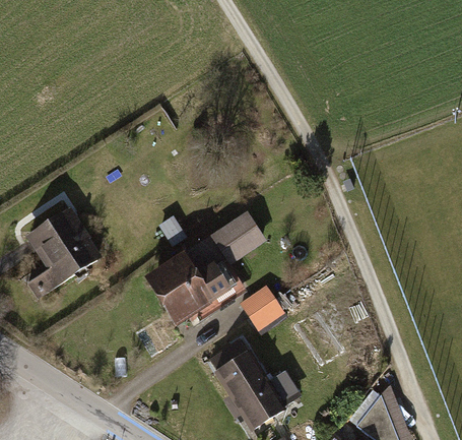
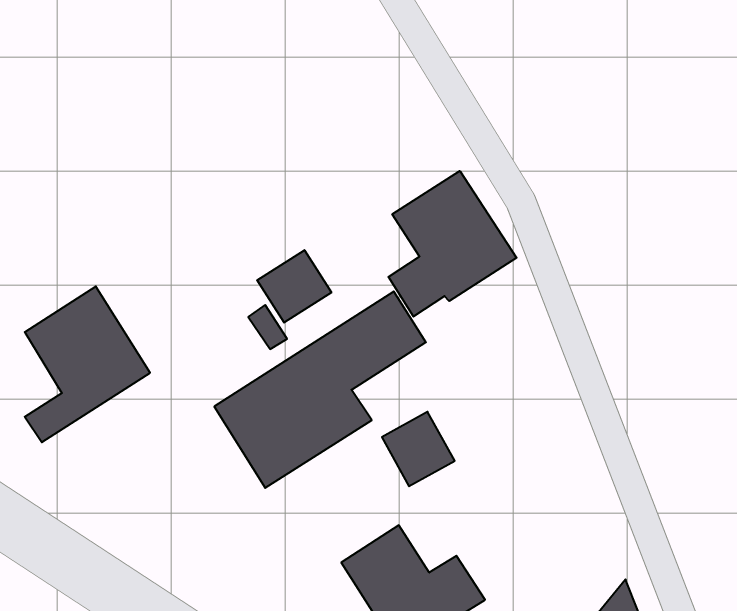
building: none -> [388,171,517,317]
building: none -> [257,250,331,323]

